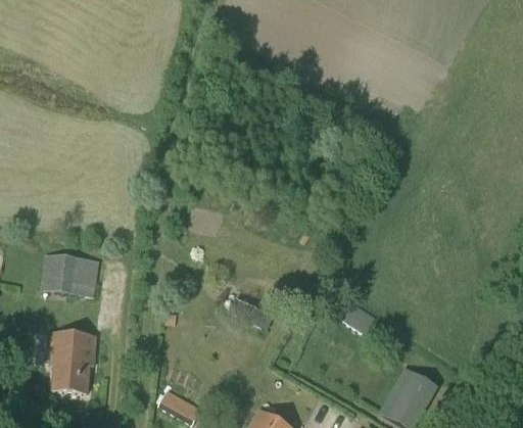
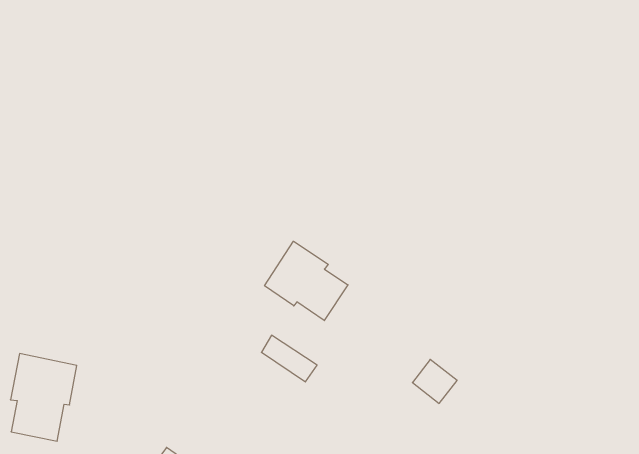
building: none -> [265,241,348,321]
building: [41,253,100,297] -> none

